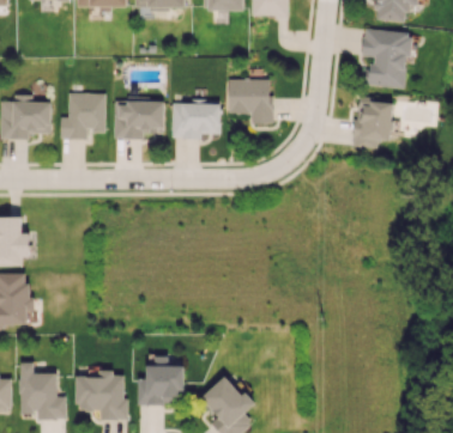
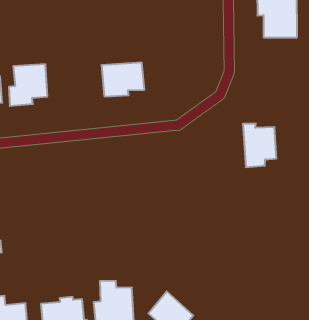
building: [229,79,272,123] -> none
building: [355,96,393,147] -> [243,124,276,167]
building: [114,100,165,139] -> none

